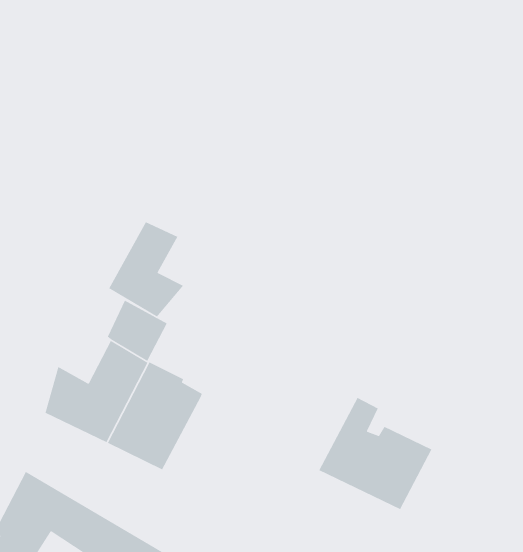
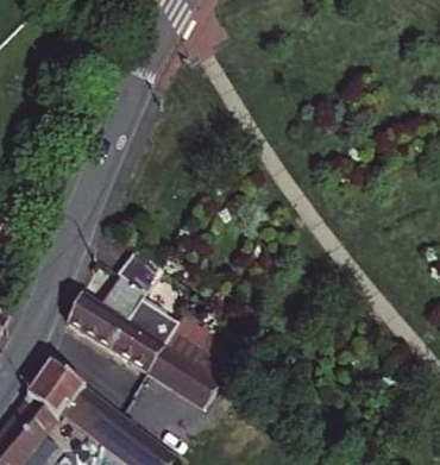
building: [108,221,184,317] -> none
building: [318,397,432,510] -> [147,325,230,408]

